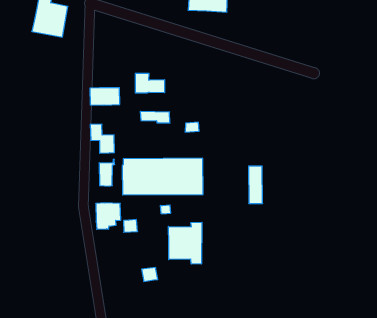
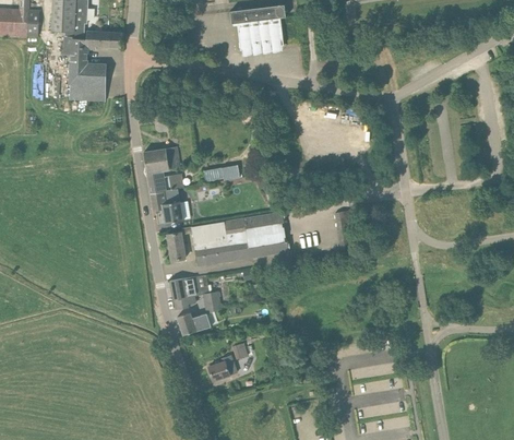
building: [135,73,165,93] -> [147,169,183,193]
building: [168,222,202,264] -> none
building: none -> [178,312,211,335]
building: none -> [207,355,237,381]

